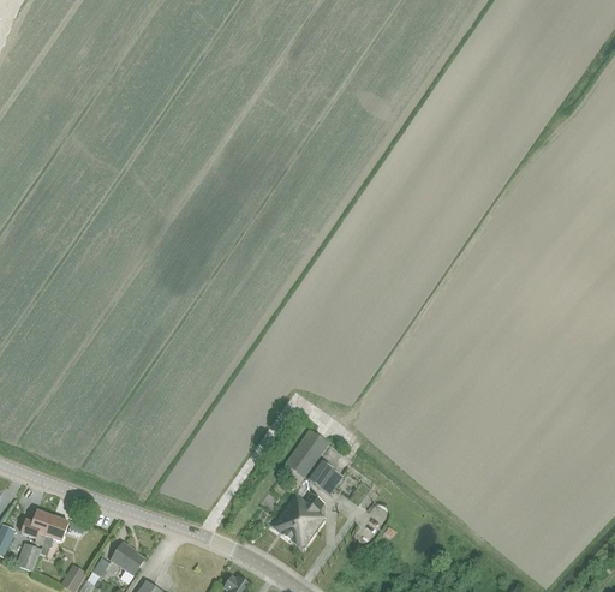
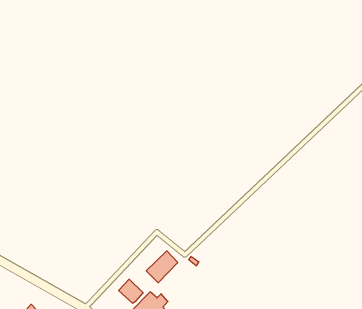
building: [306,459,344,494] -> [119,279,143,303]

